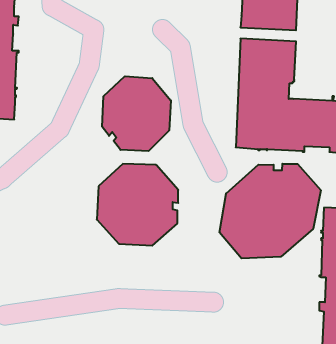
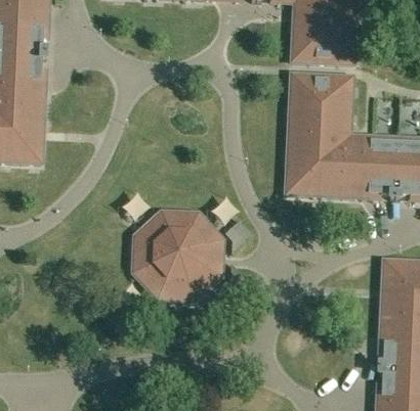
building: [102,76,171,151] -> none
building: [219,164,321,258] -> none

